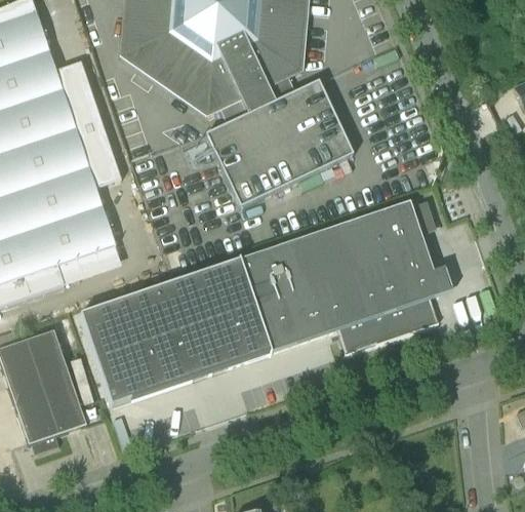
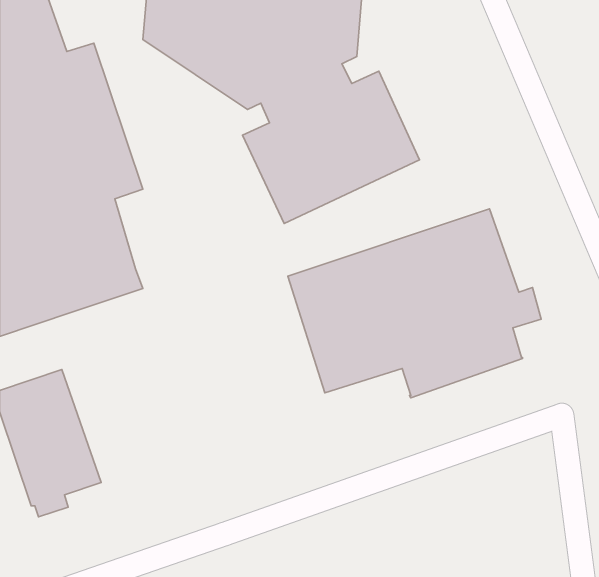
building: [79,254,273,408] -> none

